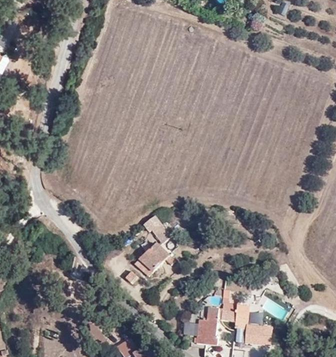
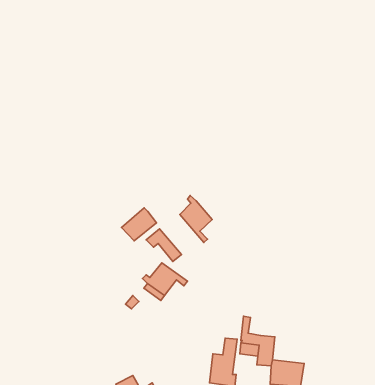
building: none -> [180,196,212,242]
building: none -> [121,208,157,241]

